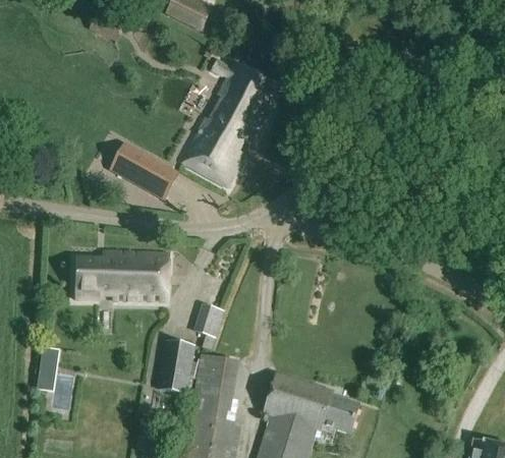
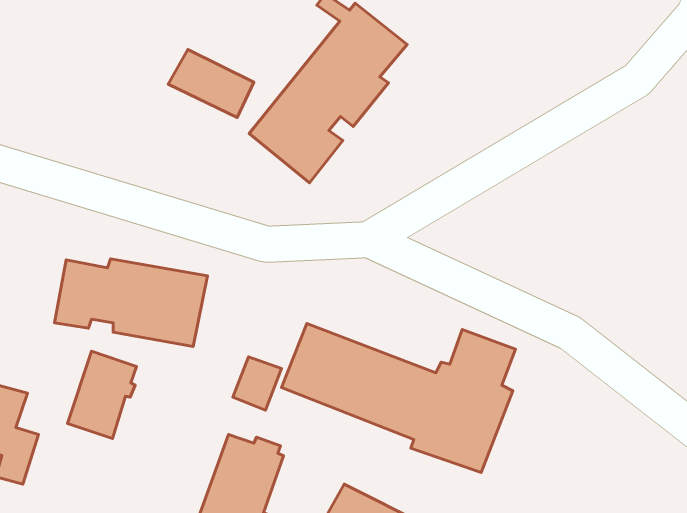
building: [104,150,159,188] -> [168,49,254,117]
building: none -> [282,323,516,472]
building: [156,341,195,395] -> [67,351,137,439]

